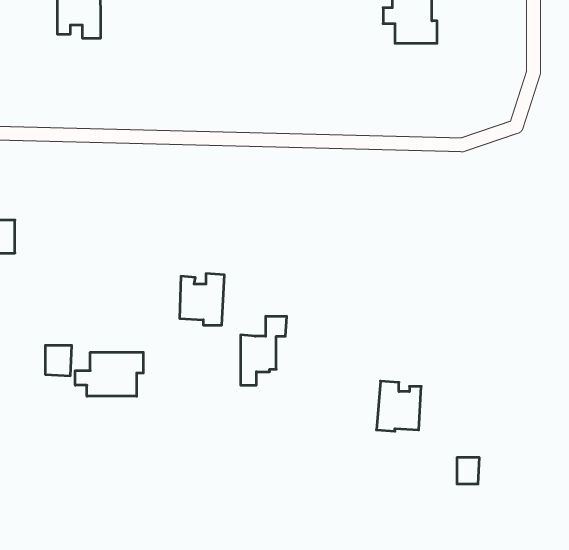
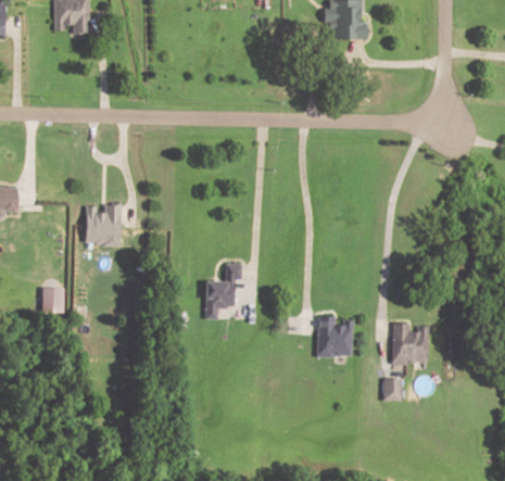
building: [180,274,224,325] -> [84,204,121,246]
building: [75,352,143,396] -> none
building: none -> [391,324,429,365]

